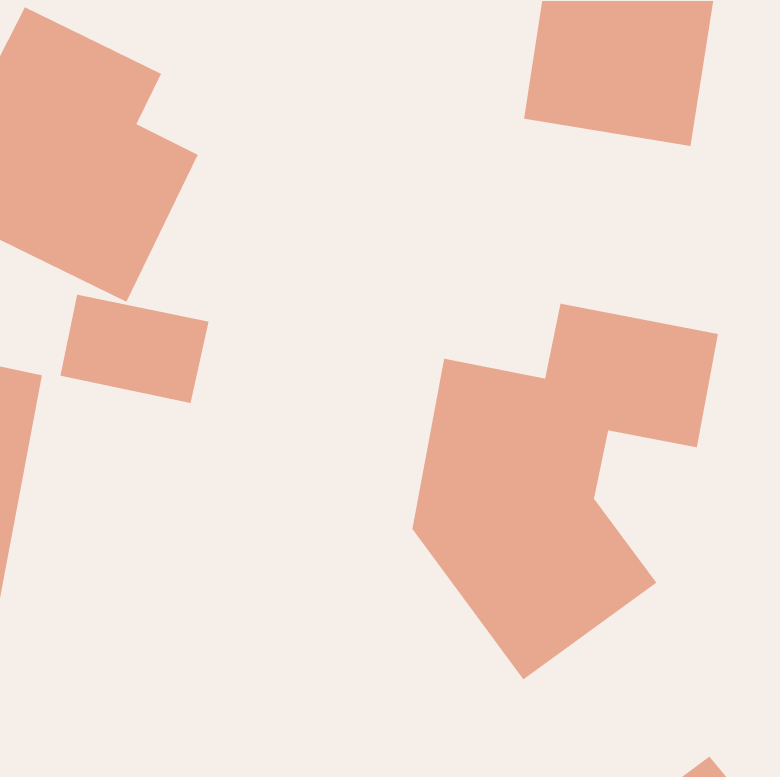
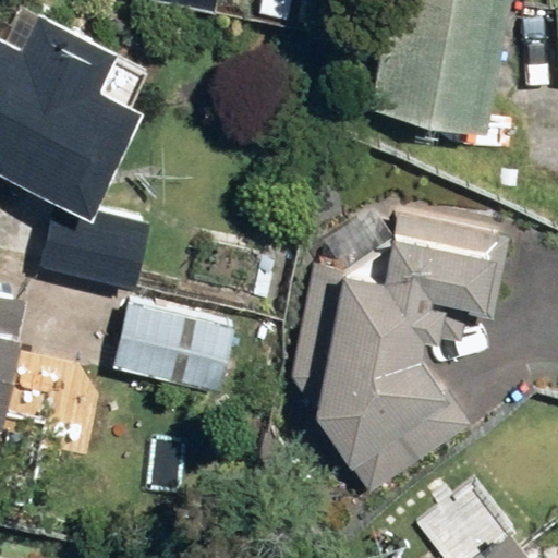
building: none -> [112,306,234,391]

